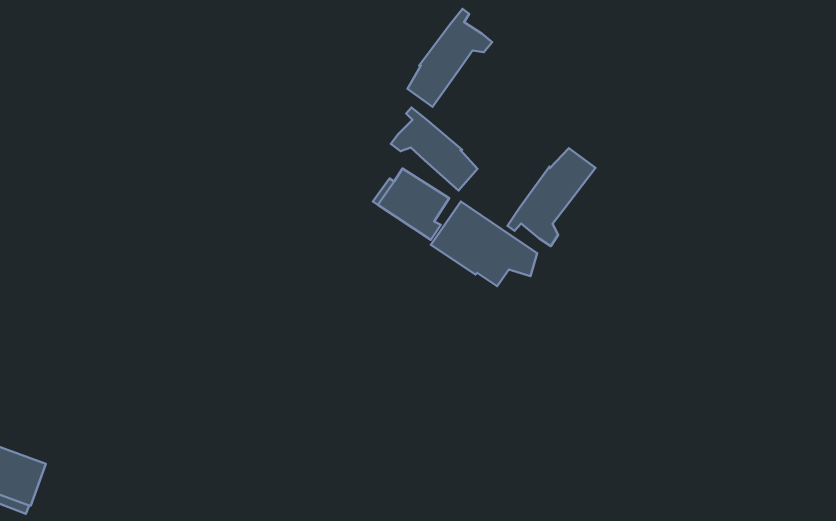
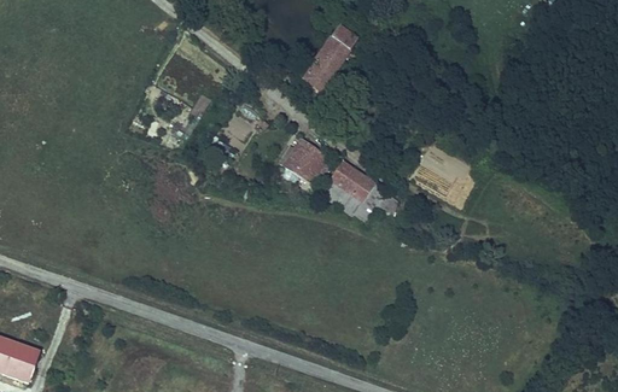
building: [391,108,477,190] -> none
building: [507,148,596,246] -> none

